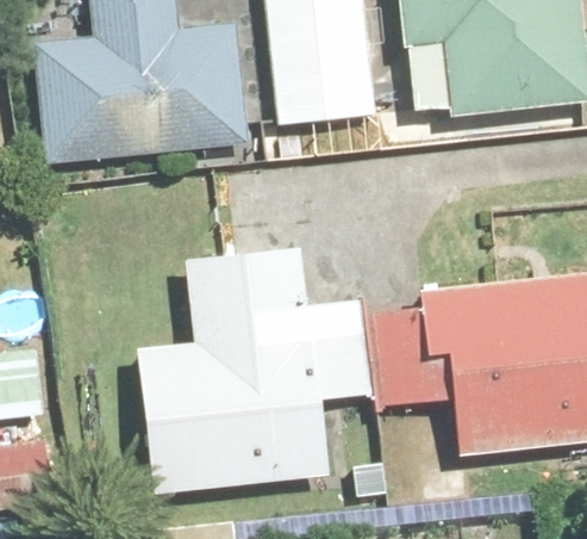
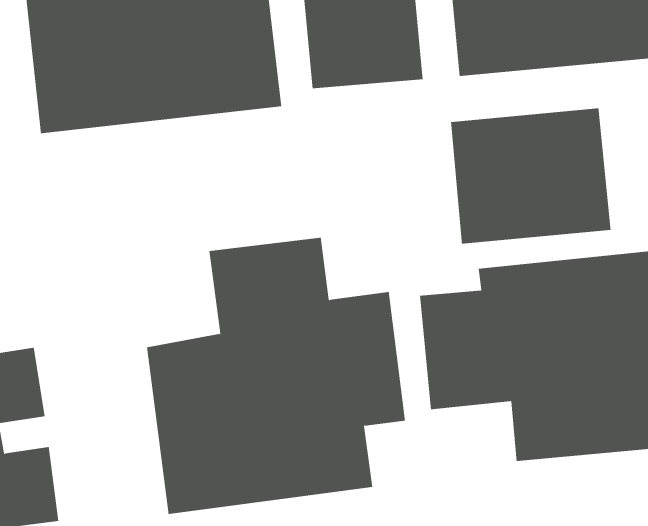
building: none -> [450,108,611,244]

